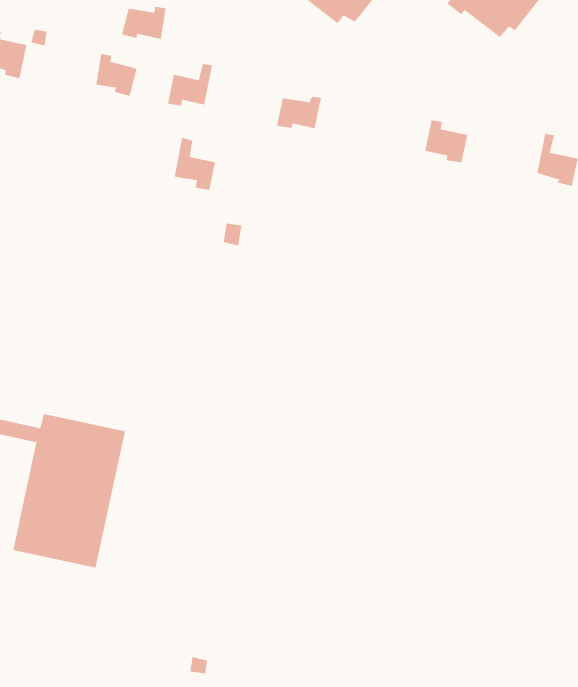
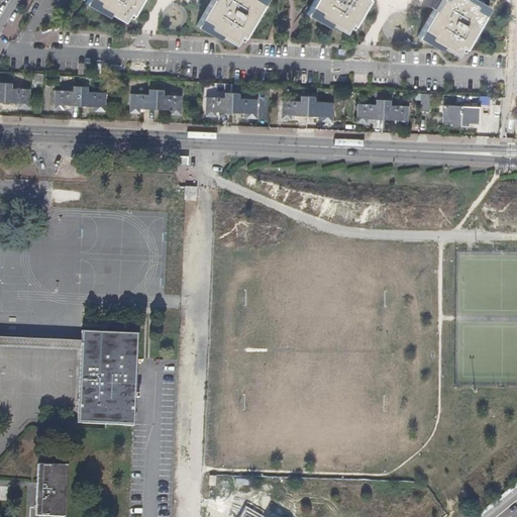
building: [121,6,166,39] -> [56,86,83,109]
building: none -> [233,92,260,117]
building: none -> [284,94,309,119]
building: none -> [358,92,386,122]
building: [174,137,216,190] -> [158,82,184,114]

